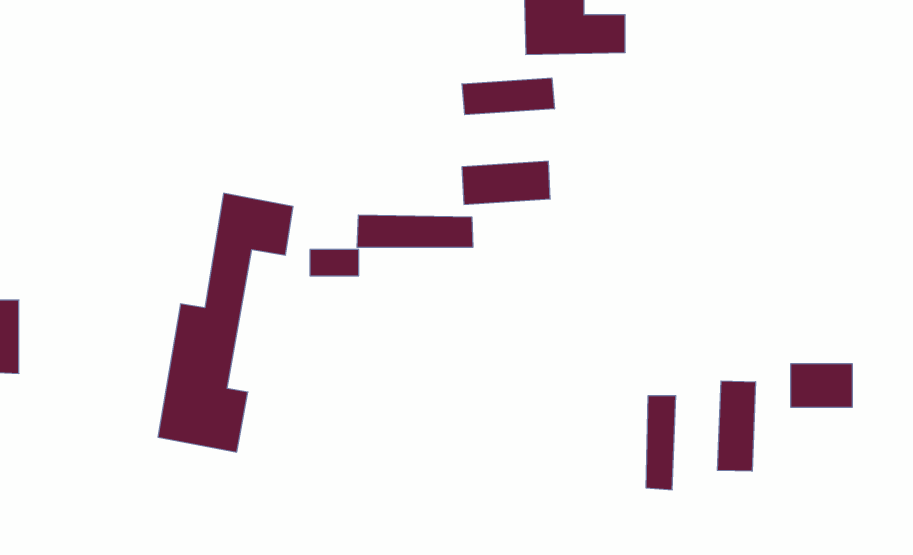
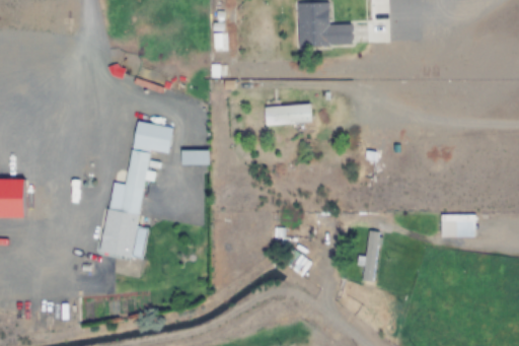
building: [462,78,554,115] -> none
building: [357,215,473,247] -> none
building: [717,381,756,471] -> none

